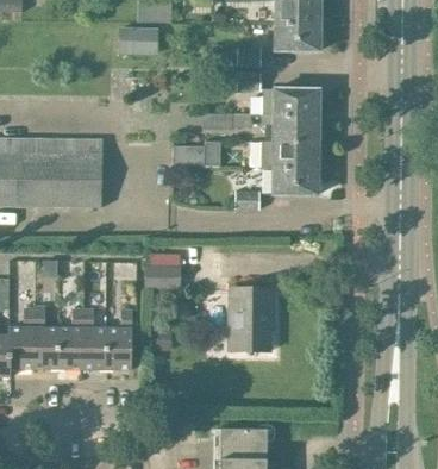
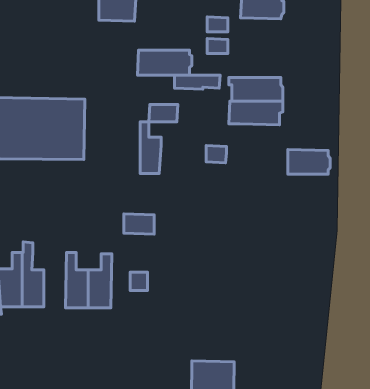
building: [261,88,320,115] -> [138,50,192,75]
building: none -> [140,122,161,174]
building: [273,167,319,194] -> [288,149,330,174]
building: [229,288,274,350] -> none
building: [57,308,82,369] -> none

